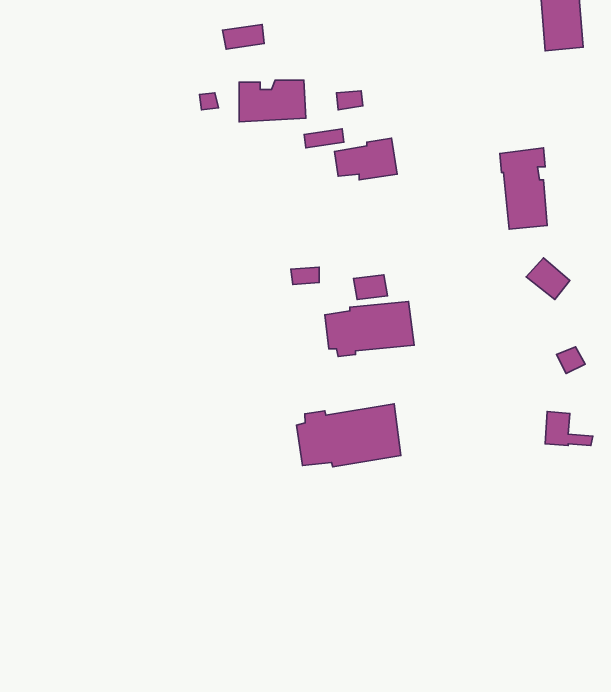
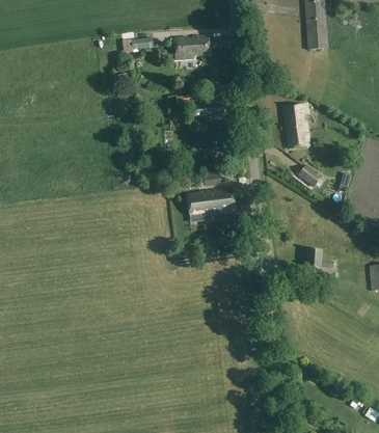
building: [239,80,306,122] -> [174,36,211,59]
building: [297,404,401,467] -> none

